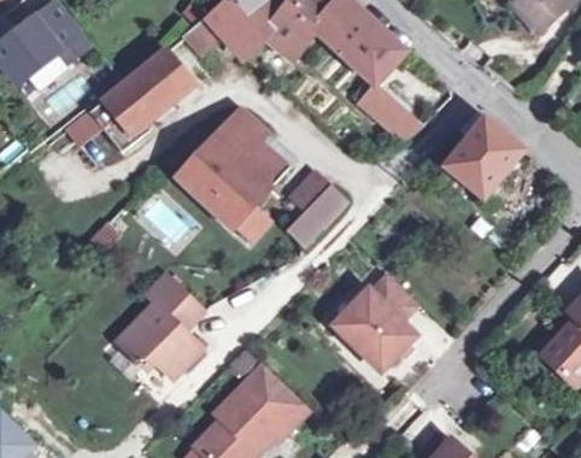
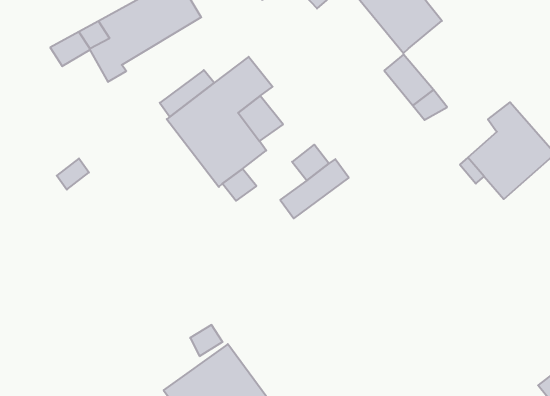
building: [116,274,203,380] -> none
building: [333,274,417,372] -> none

